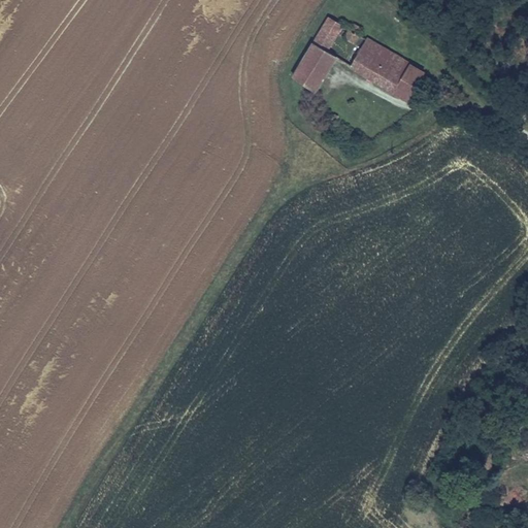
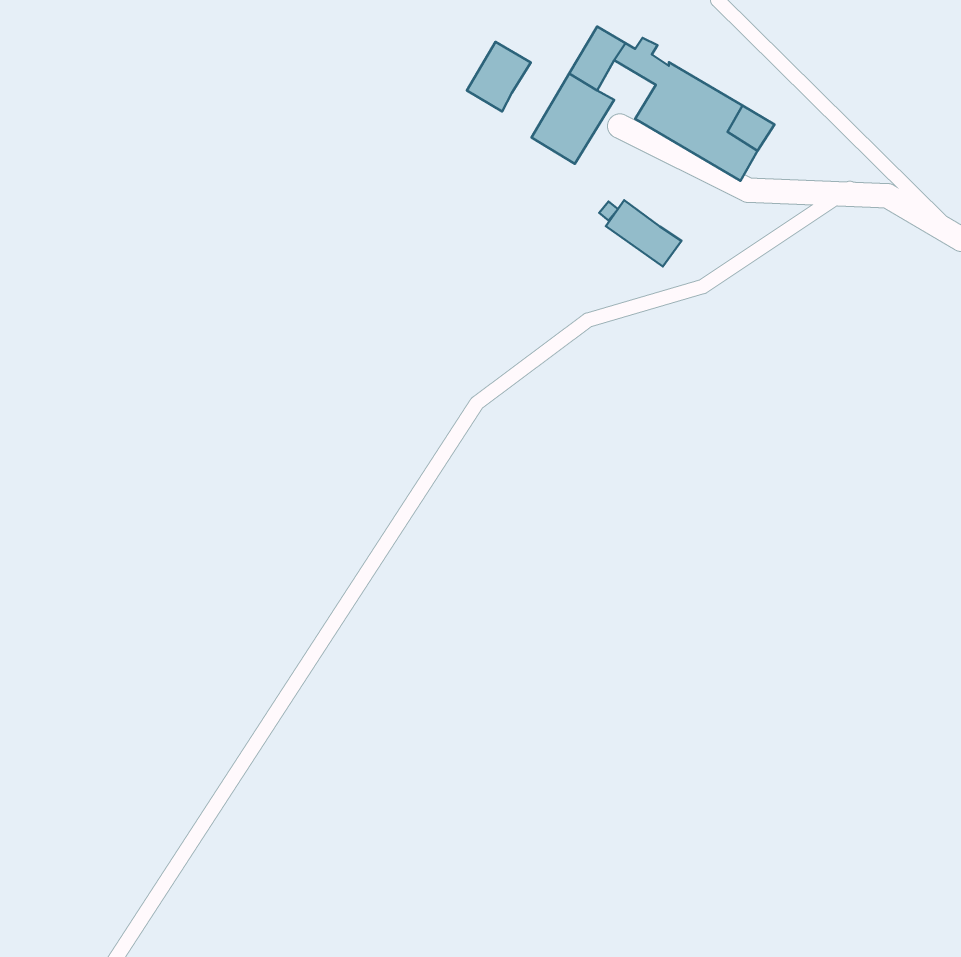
building: none -> [467,42,531,111]
building: none -> [606,200,681,267]

